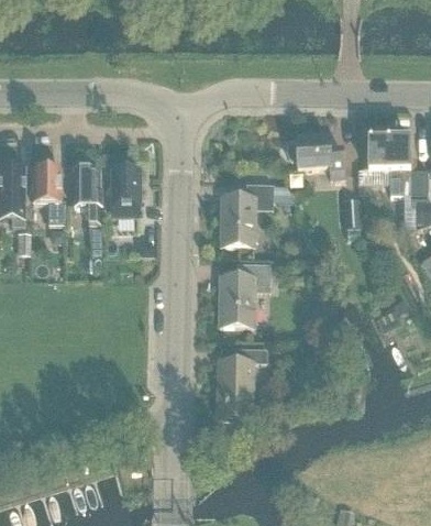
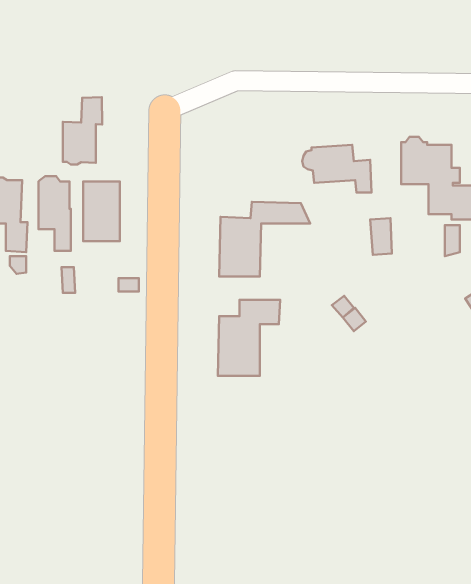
building: none -> [63,97,102,165]
building: [218,348,266,418] -> none

